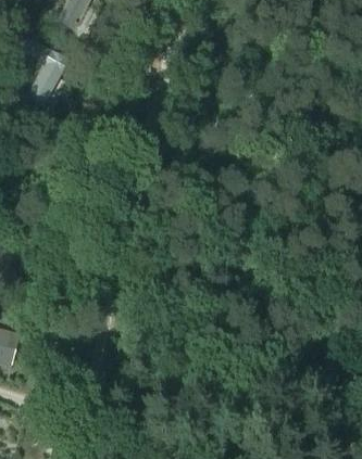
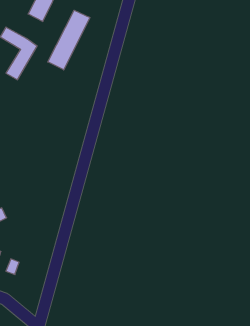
building: none -> [48,10,90,70]

